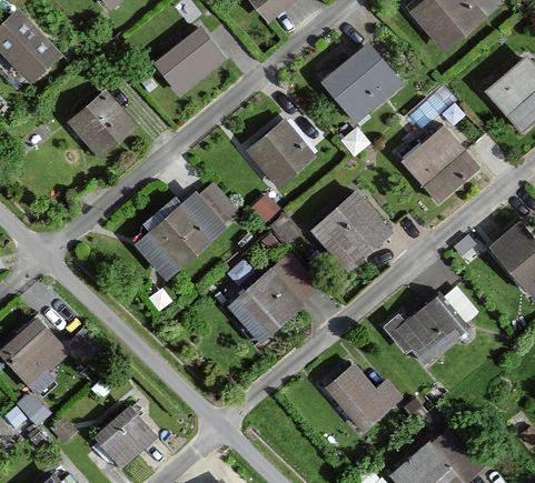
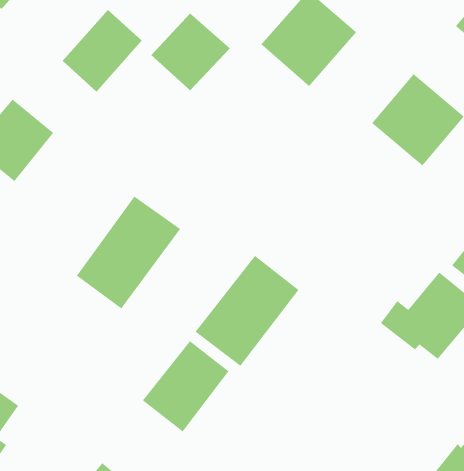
building: [246,122,314,188] -> [151,13,231,91]
building: [311,192,393,272] -> none
building: none -> [142,340,230,433]
building: [325,363,402,431] -> none

